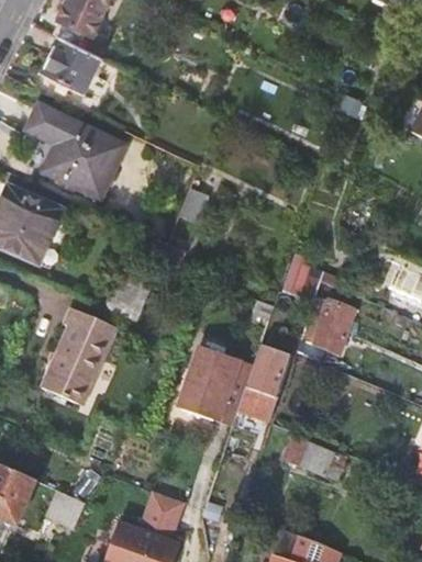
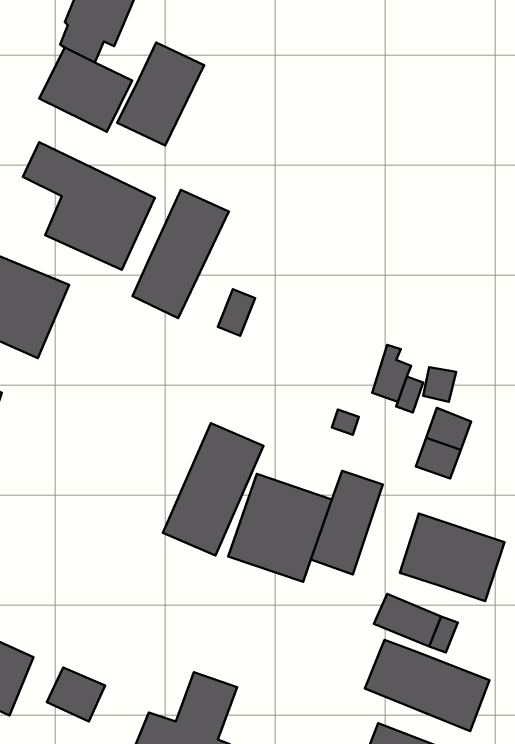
building: none -> [117,43,204,146]
building: none -> [132,190,229,318]
building: [43,308,116,405] -> [163,423,263,555]
building: none -> [400,514,504,601]
building: none -> [365,640,490,731]

